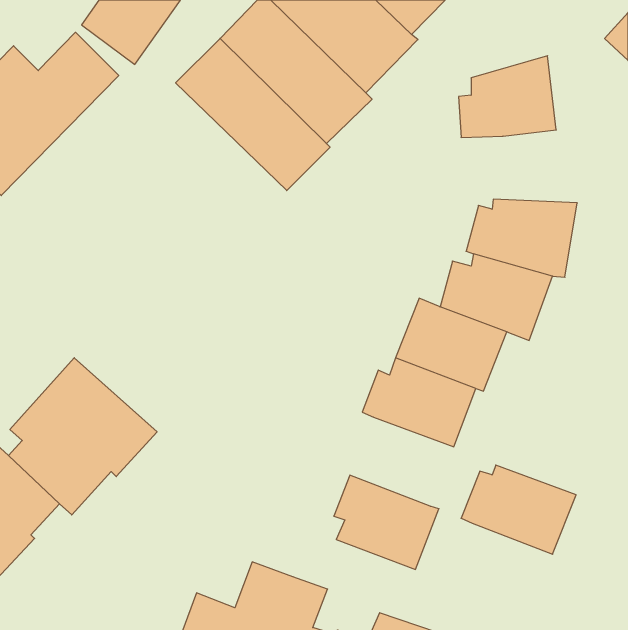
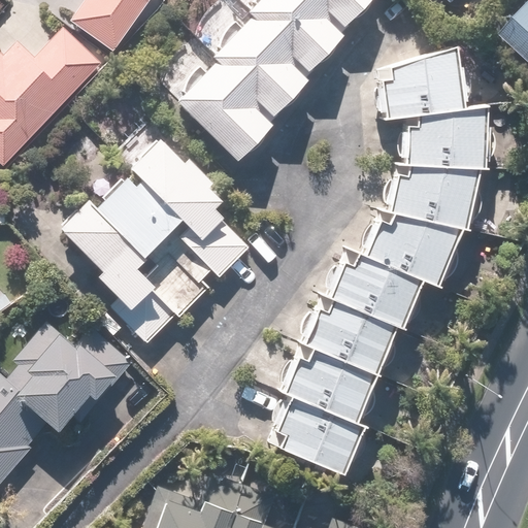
building: none -> [404,107,490,172]
building: none -> [61,118,249,346]
building: [461,465,576,554] -> [283,350,378,424]

